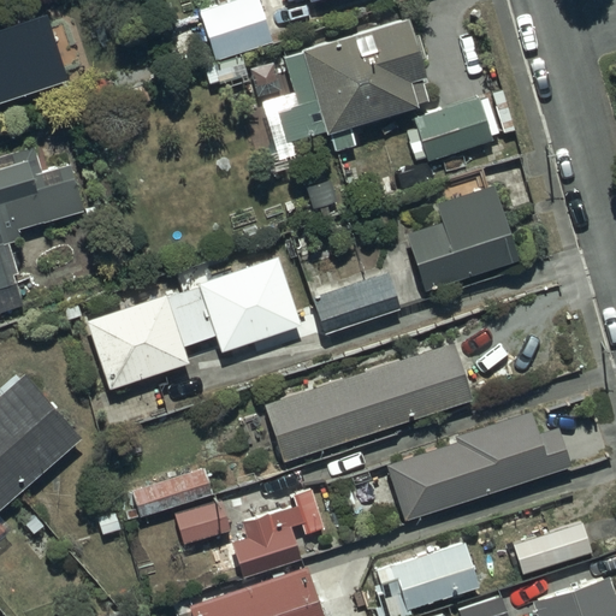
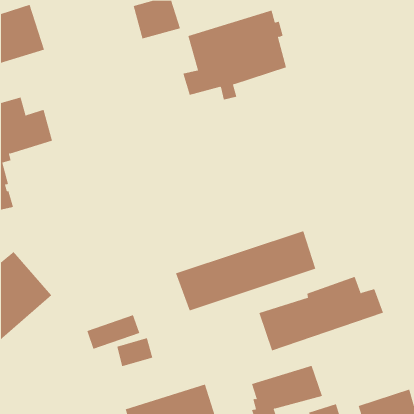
building: [407,97,499,164] -> none
building: [405,185,516,290] -> none
building: [84,257,301,392] -> none
building: [310,274,398,333] -> none
building: [230,490,326,580] -> none
building: [511,523,593,576] -> none

